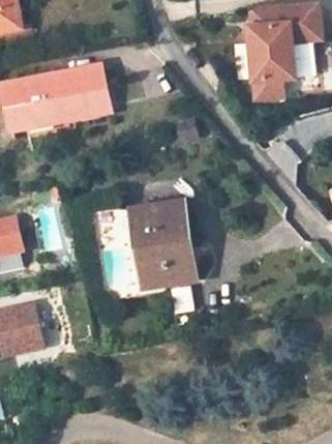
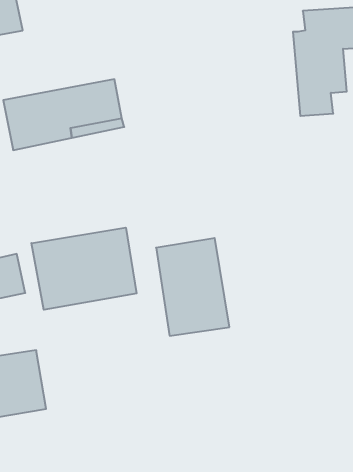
building: none -> [31,228,137,310]

